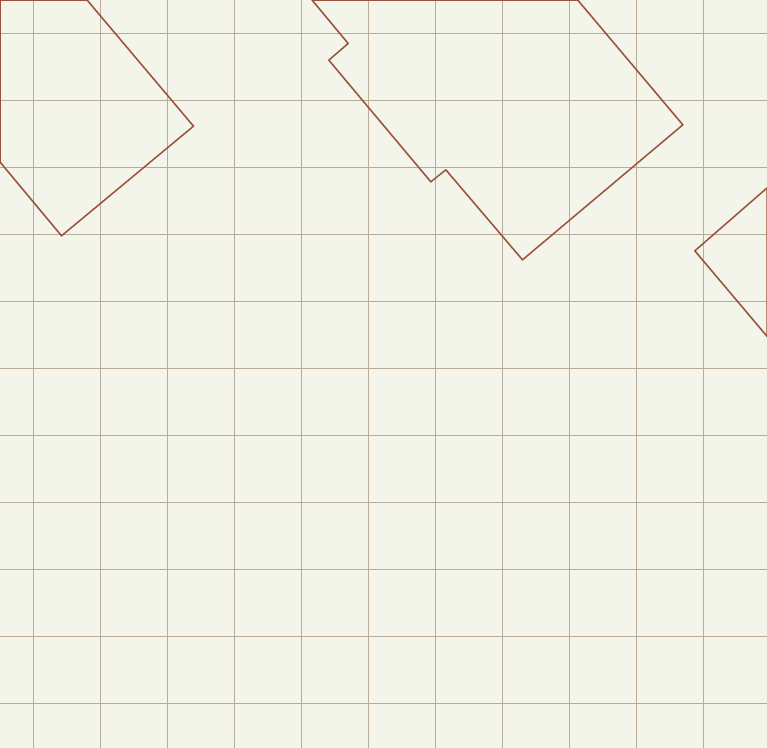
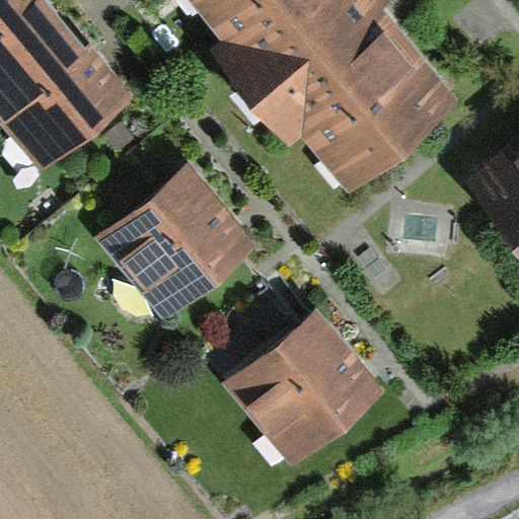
building: none -> [100,167,255,320]
building: none -> [222,309,383,467]

